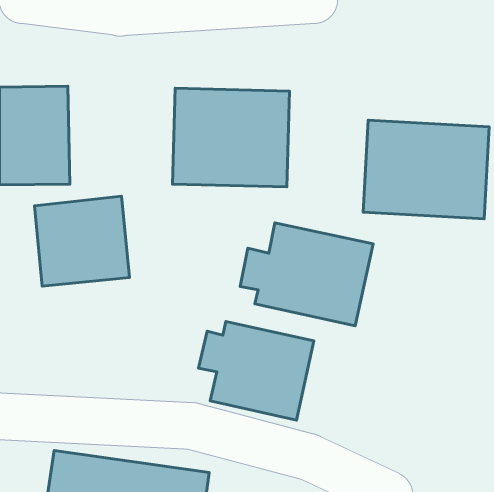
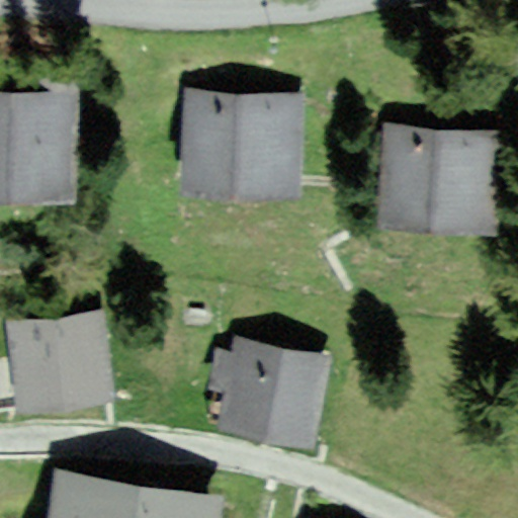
building: [34,196,129,286] -> [10,314,109,408]
building: [240,223,373,326] -> none

